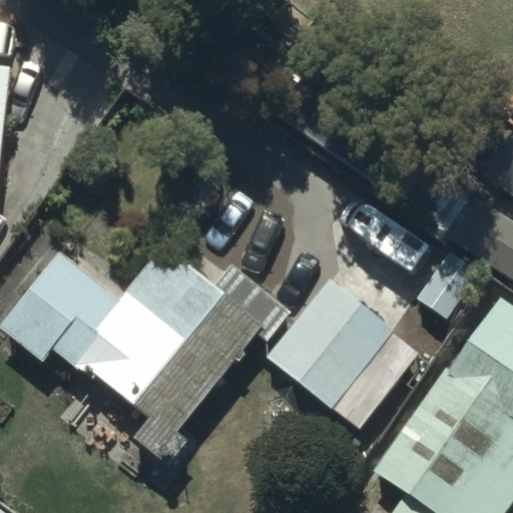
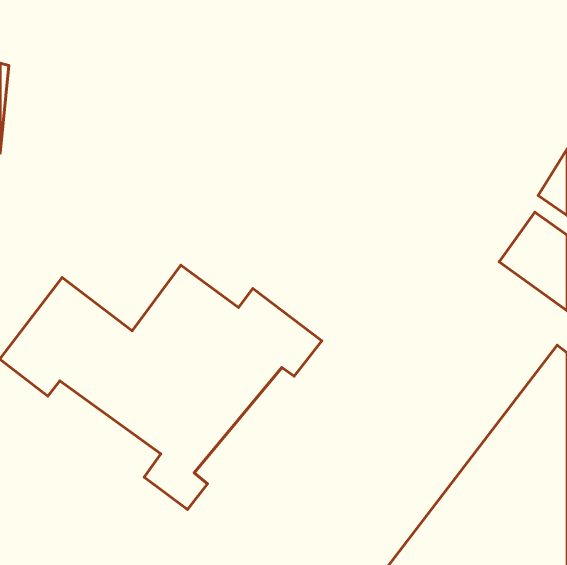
building: [265,278,418,430] -> none

